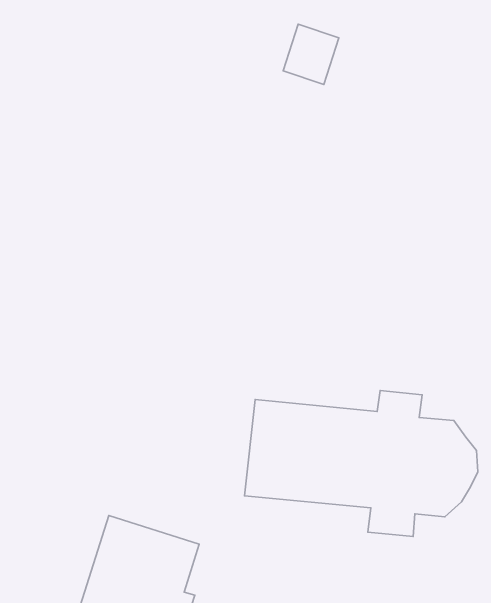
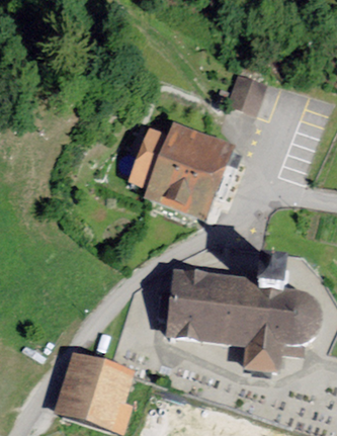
building: [283,24,339,84] -> [228,74,265,114]
building: none -> [129,122,234,222]

